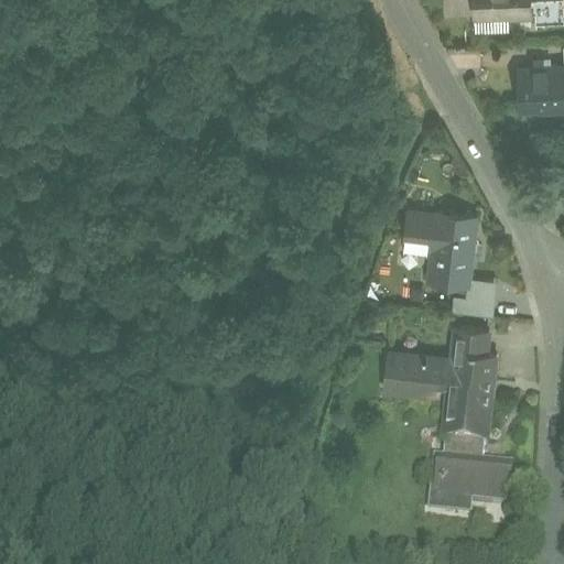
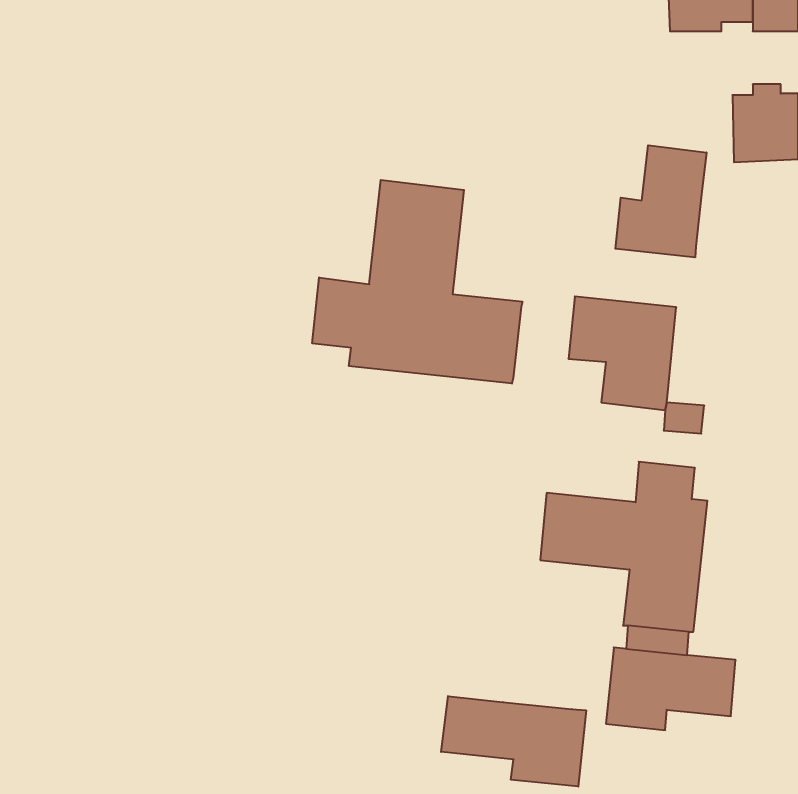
building: none -> [615,145,706,257]
building: none -> [312,180,522,384]
building: none -> [441,696,586,787]

